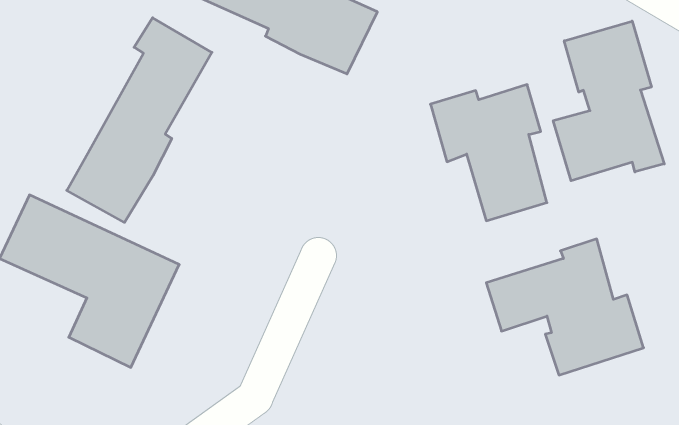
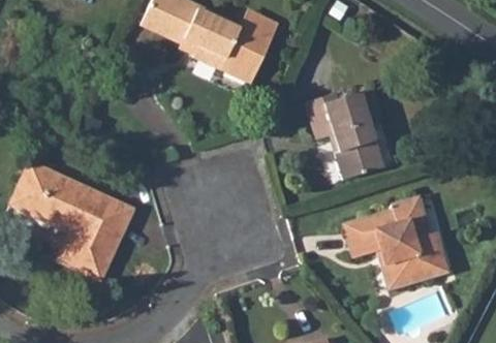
building: [67,18,212,222] -> none
building: [553,21,664,181] -> none

